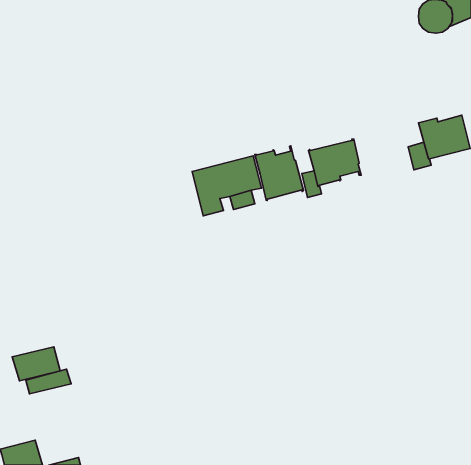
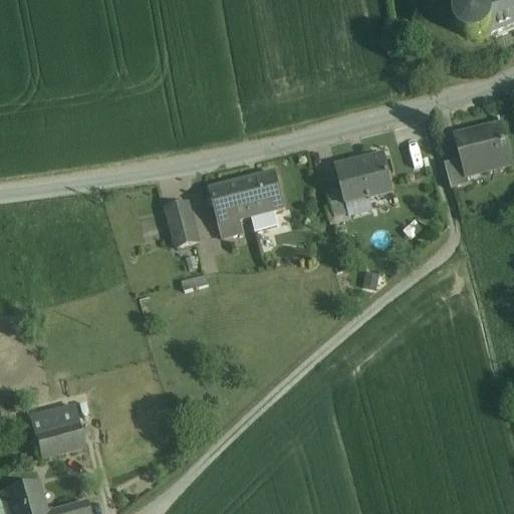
building: [255,146,303,201] -> none
building: none -> [166,200,198,244]
building: [12,347,60,381] -> [32,418,84,455]

